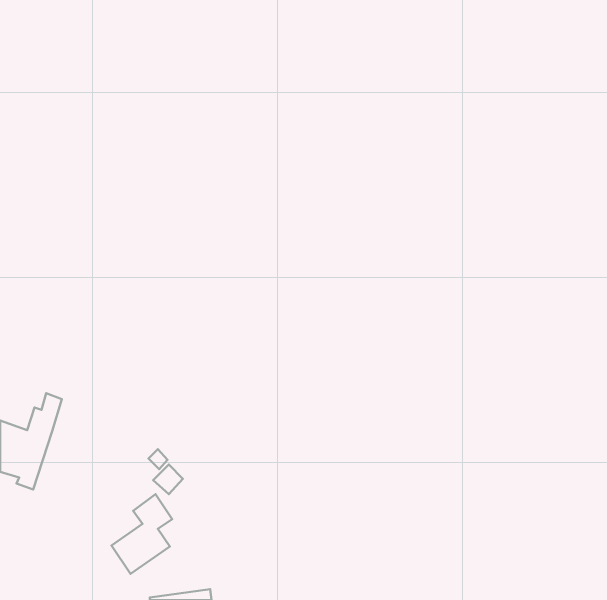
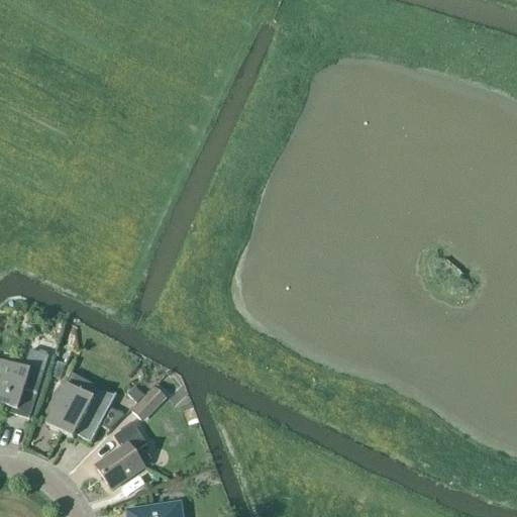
building: none -> [45,382,124,440]

